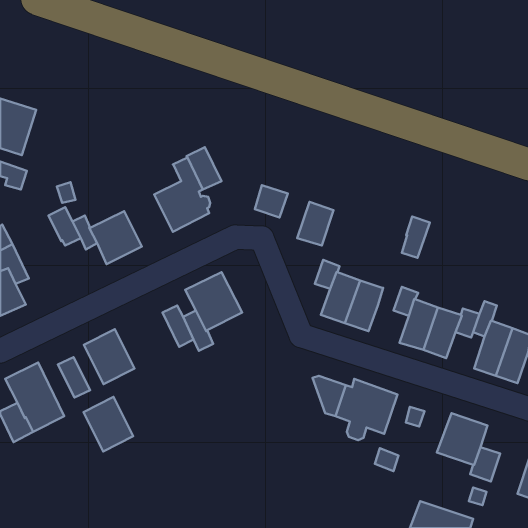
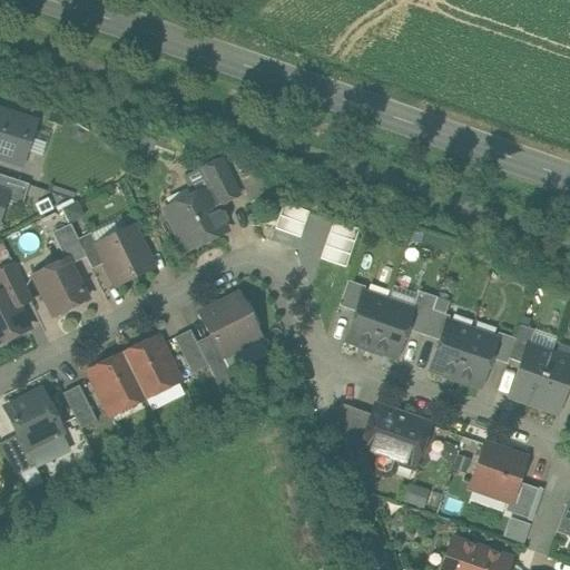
building: [402,216,430,258] -> [407,289,438,334]
building: none -> [35,258,88,314]
building: [83,397,133,452] -> [125,337,178,396]

